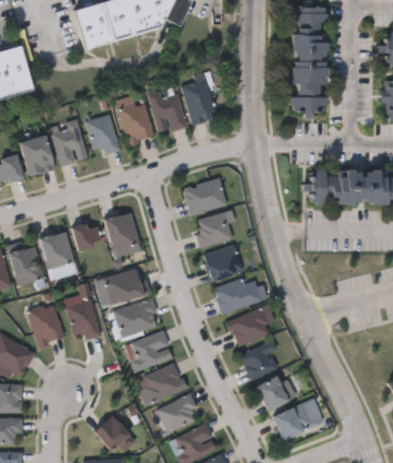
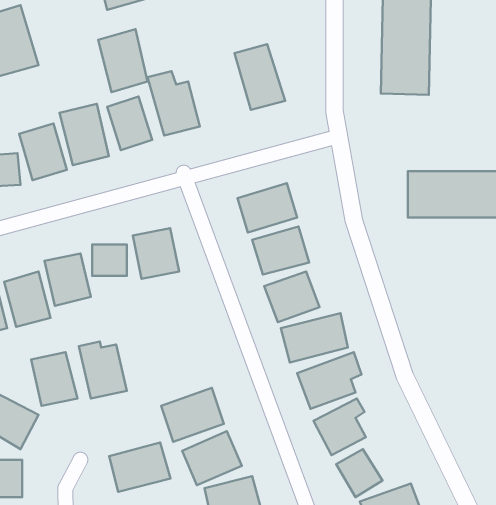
building: [149,88,185,134] -> [98,29,147,92]
building: [103,269,150,305] -> none
building: [114,300,160,336] -> [109,443,171,492]

